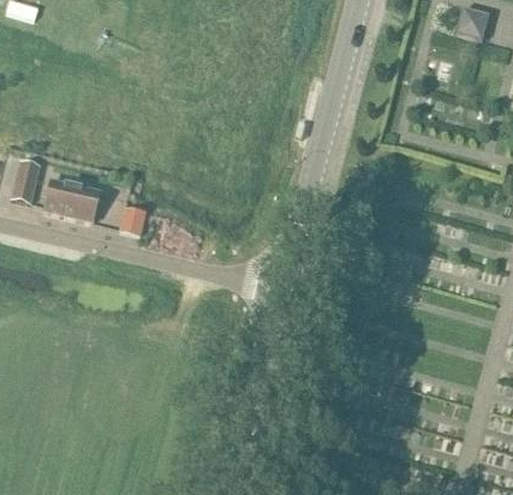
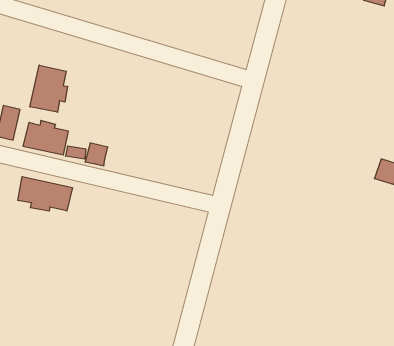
building: none -> [30,65,68,112]
building: none -> [18,177,72,211]

